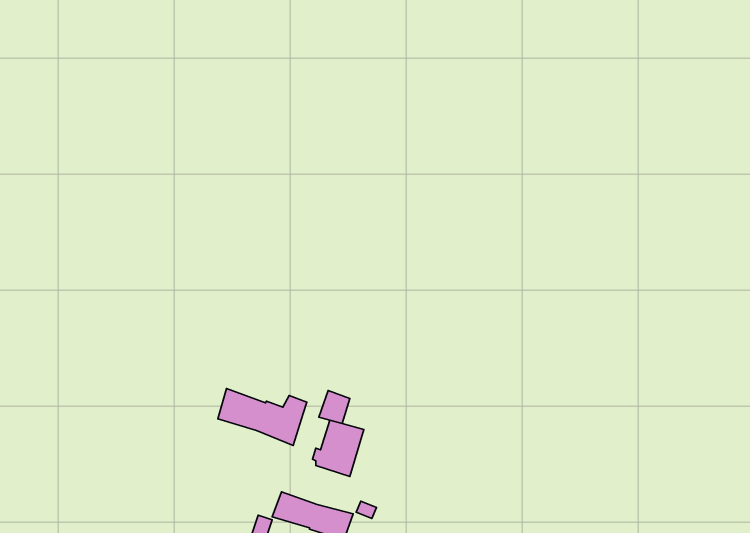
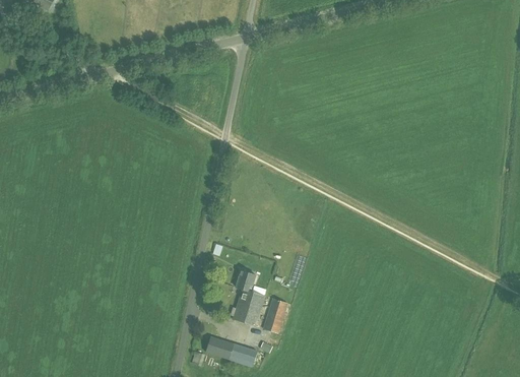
building: [218,388,307,445] -> none
building: none -> [262,298,287,333]

